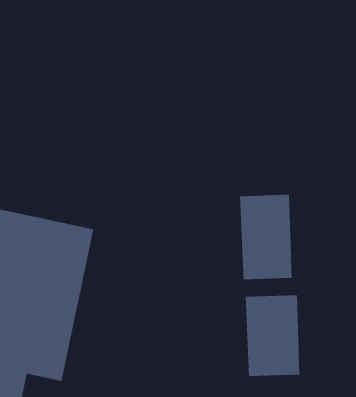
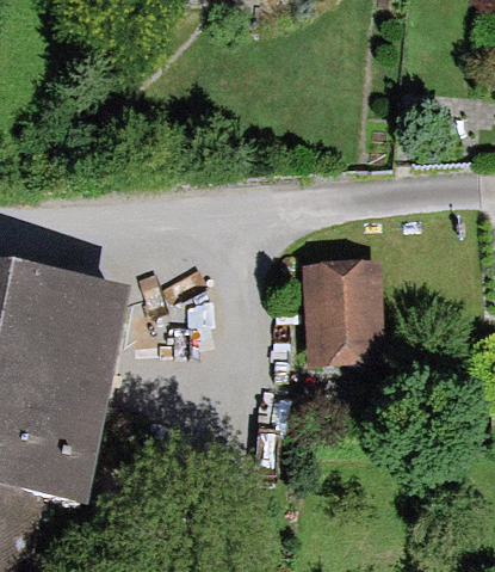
building: [245,294,300,377] -> none

